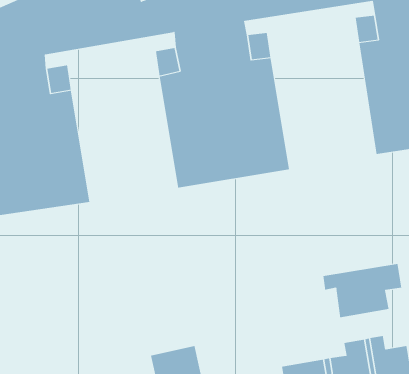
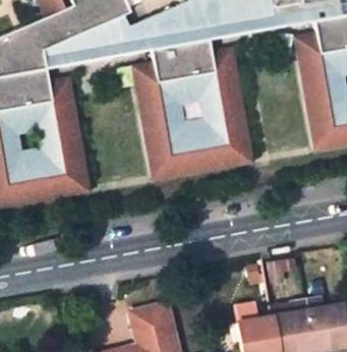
building: [323,263,402,318] -> none

